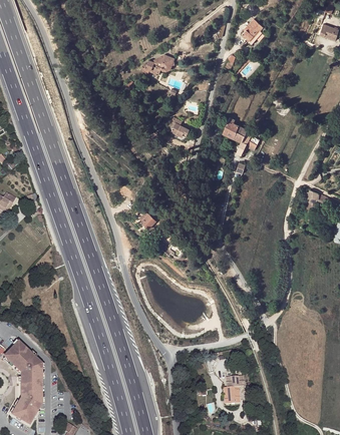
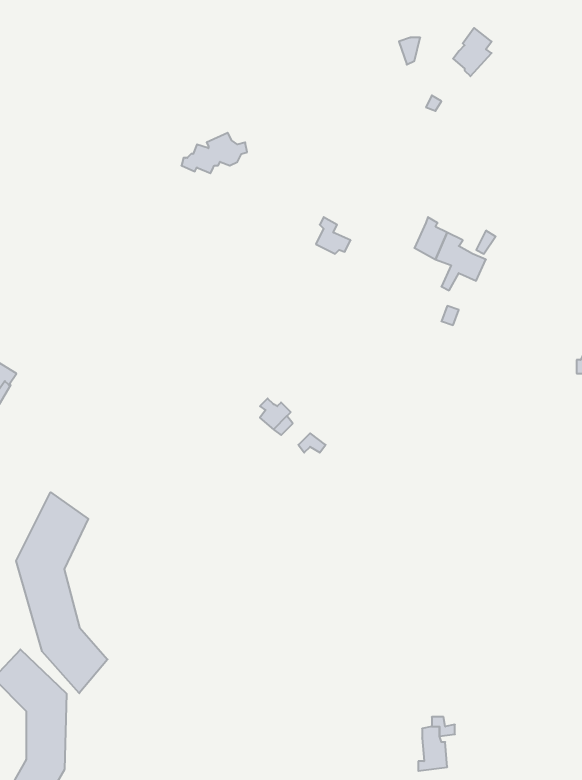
building: [140,53,175,74] -> [181,133,247,173]
building: none -> [16,492,108,693]

